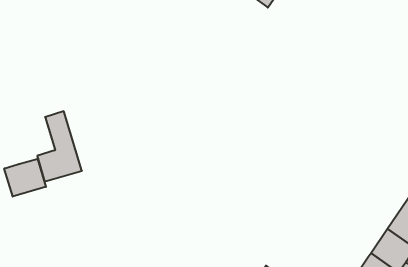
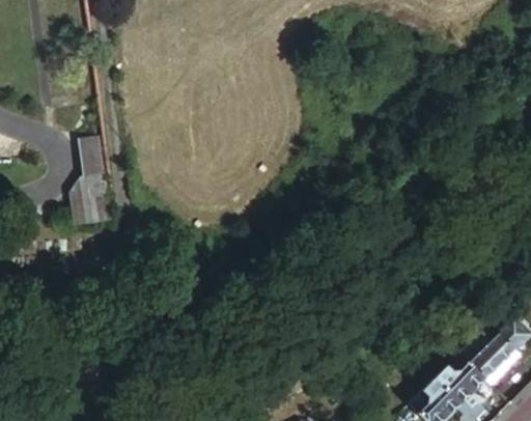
building: [4,159,46,197] -> none

